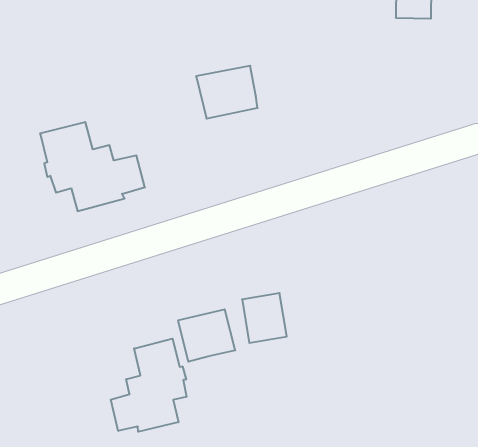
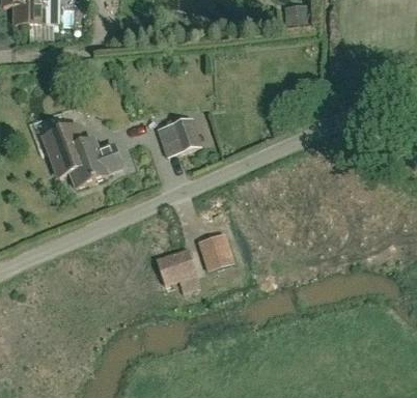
building: [196,66,258,119] -> [156,117,201,158]
building: [111,339,186,432] -> none

